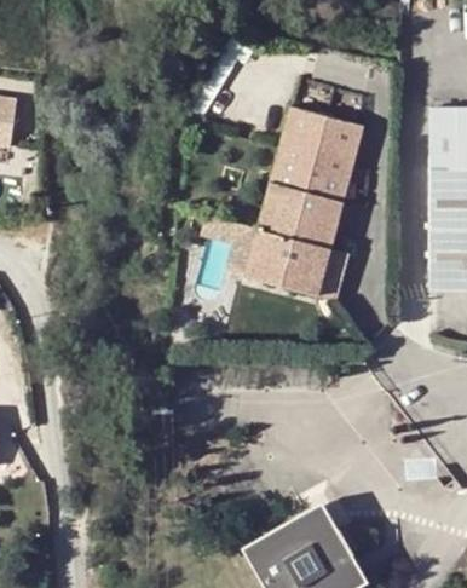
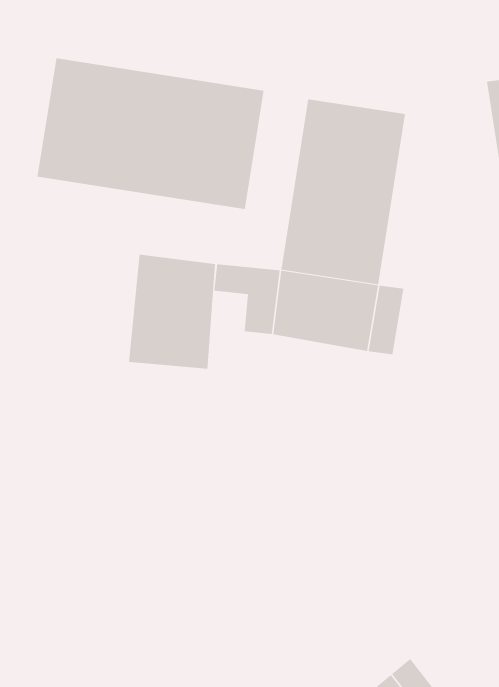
building: none -> [37,57,264,210]
building: none -> [128,254,216,370]

